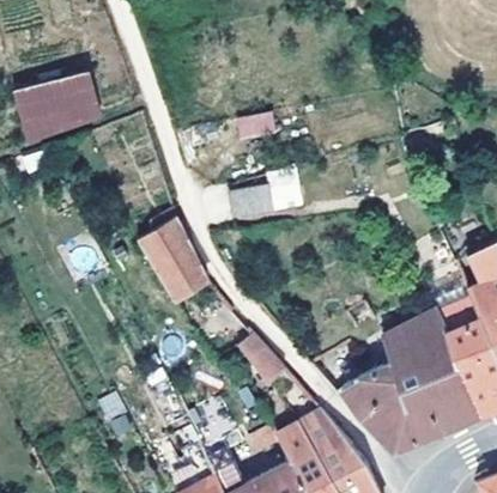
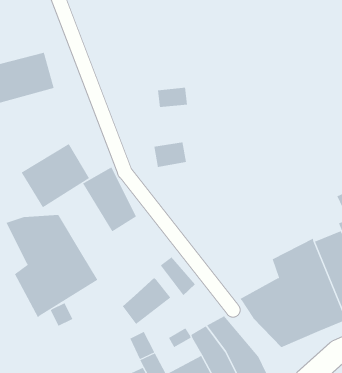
building: none -> [21,143,90,208]
building: none -> [5,214,98,318]
building: none -> [122,277,171,325]

